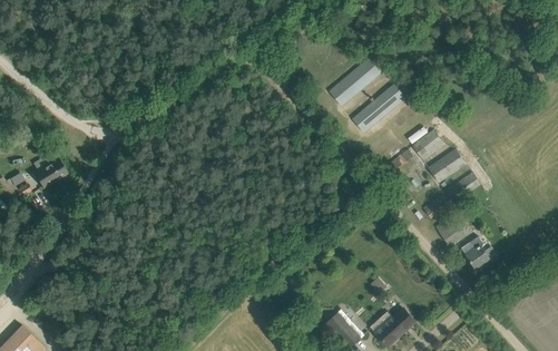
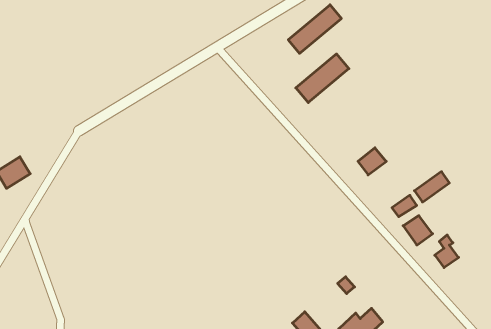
building: [352,84,404,131] -> [288,5,341,53]
building: [412,129,443,159] -> none
building: [429,149,466,182] -> none

